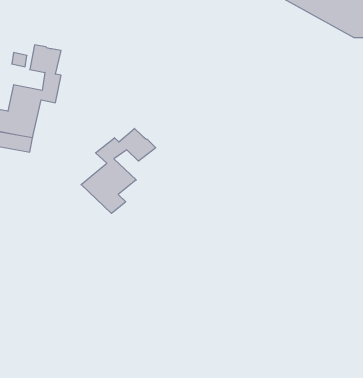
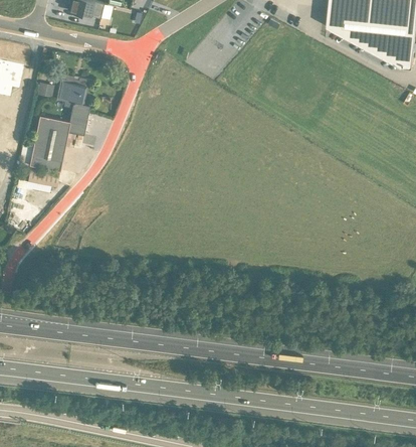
building: [81,128,156,213] -> none

